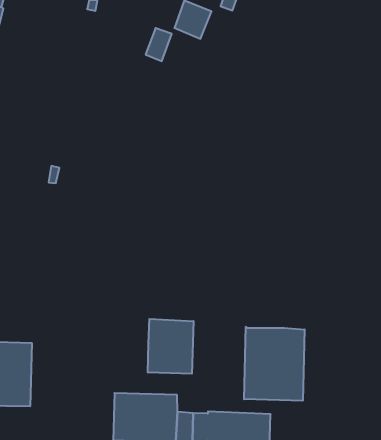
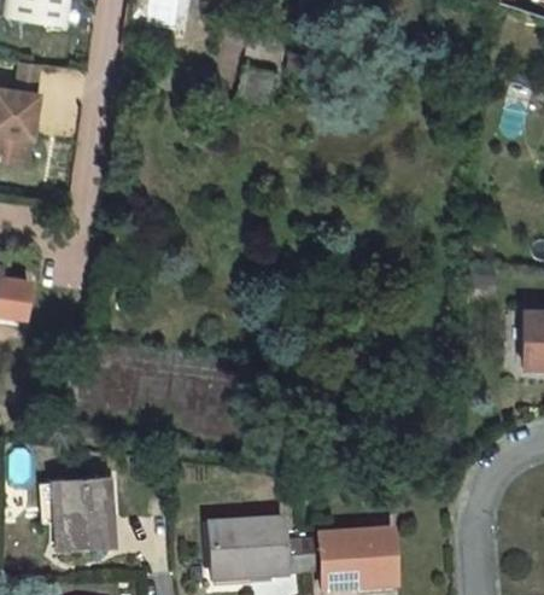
building: [148,319,194,374] -> none
building: [244,327,305,401] -> none

